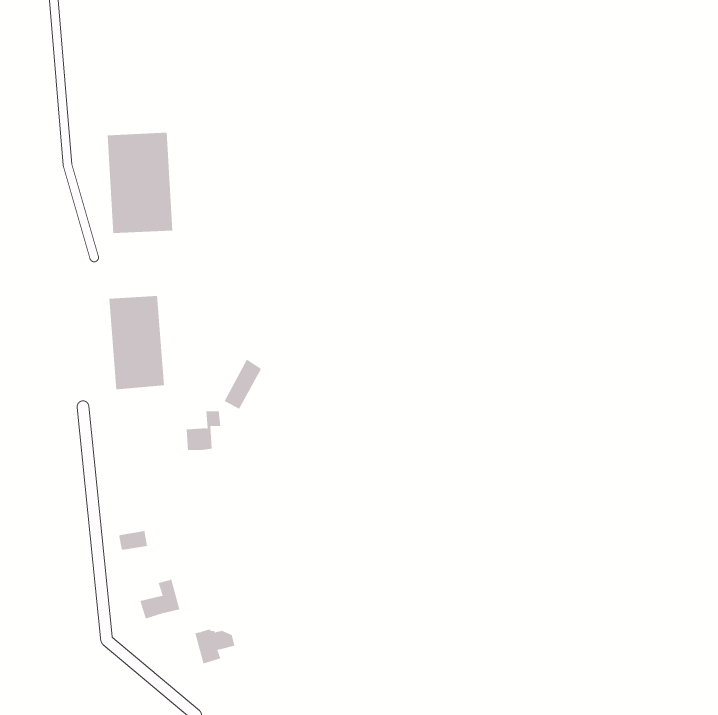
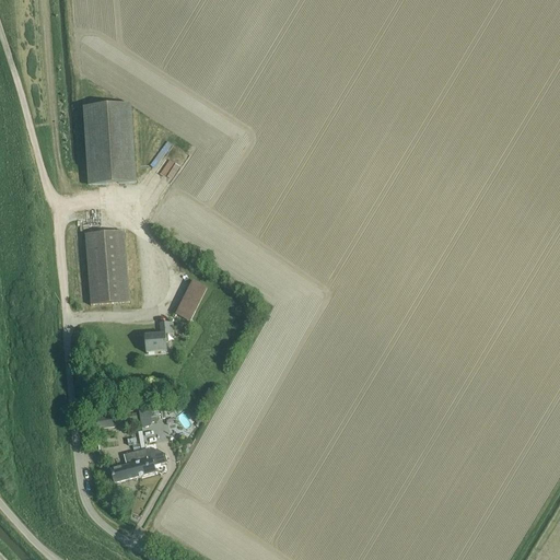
building: [194,629,235,664] -> [133,446,165,474]

